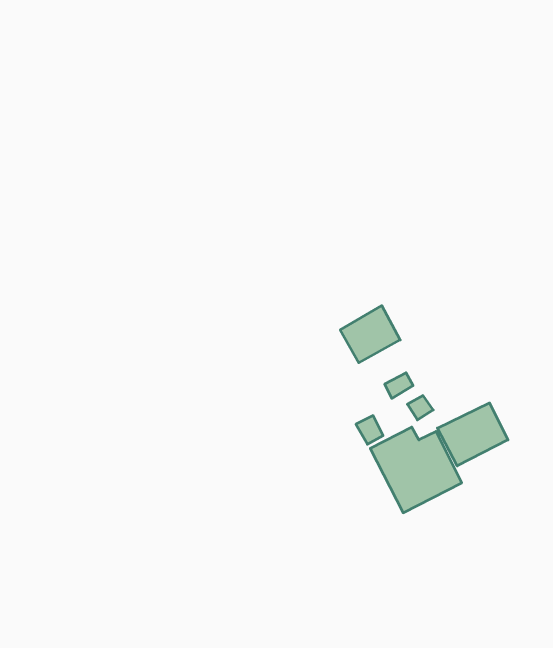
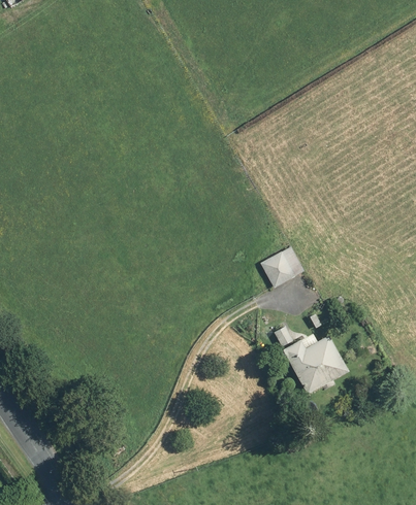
building: [437,403,508,466] -> none

